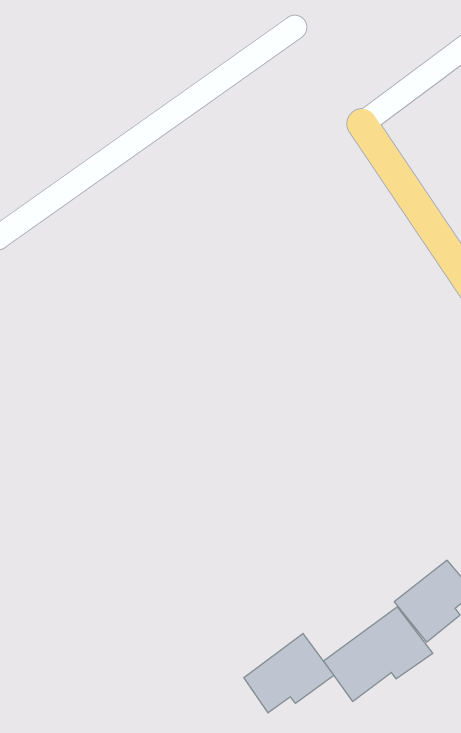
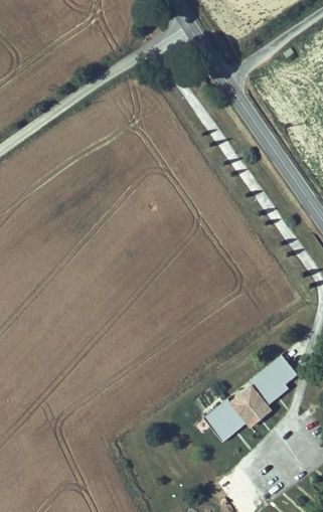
building: [244,633,334,713] -> none

